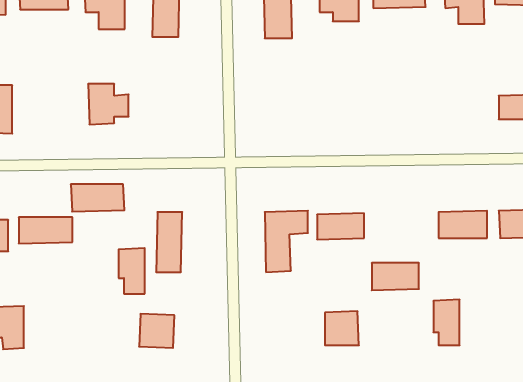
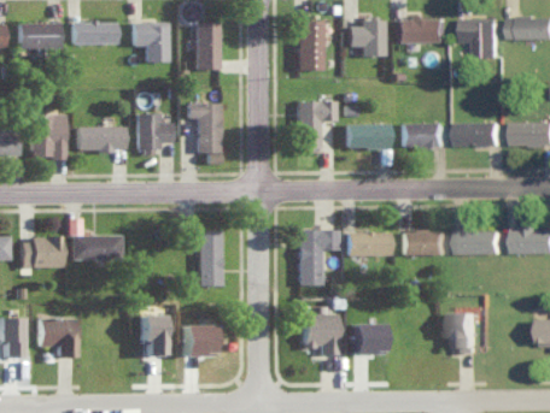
building: none -> [296,101,335,152]
building: none -> [187,104,221,153]
building: none -> [400,123,444,149]
building: none -> [345,124,388,149]
building: none -> [456,124,501,147]
building: [71,184,124,212] -> [75,126,124,152]
building: [119,248,145,294] -> [140,314,164,356]
building: [372,263,419,290] -> [402,231,445,256]
building: none -> [302,314,338,355]

